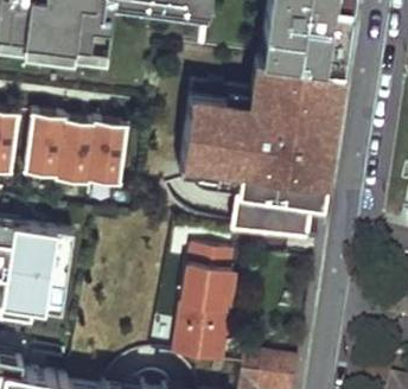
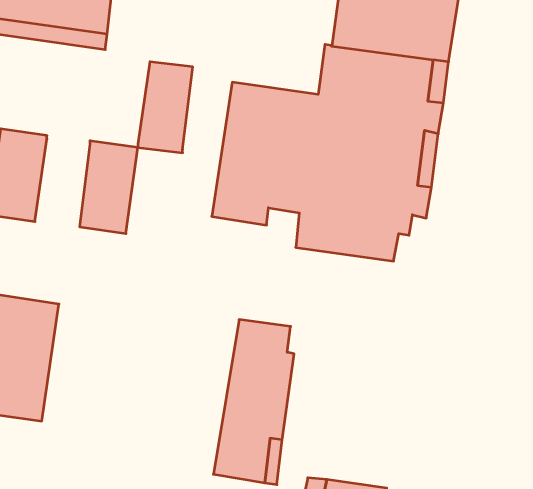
building: [53,120,91,183] -> [138,62,193,153]
building: [228,172,324,238] -> none

